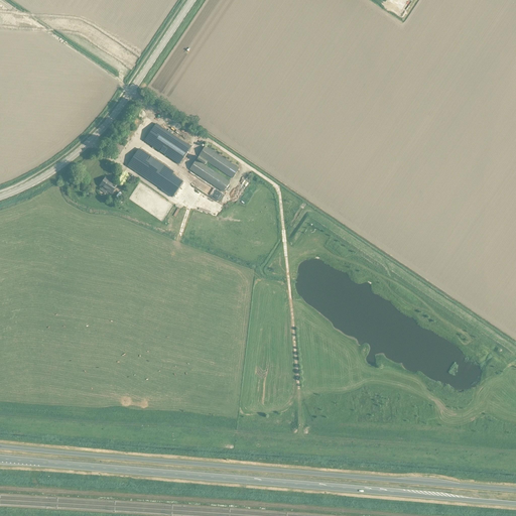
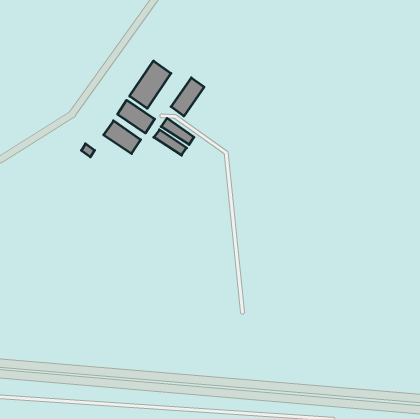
building: none -> [130,61,171,108]
building: none -> [171,78,204,116]

